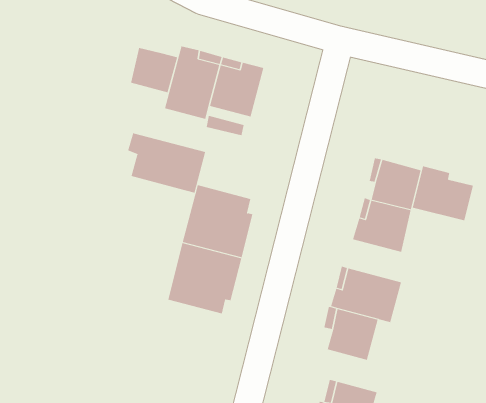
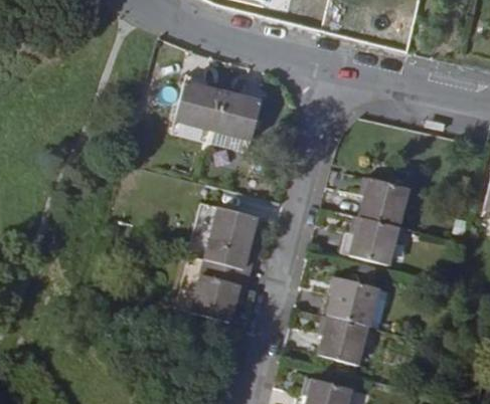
building: [130,47,178,93] -> none
building: [127,132,206,194] -> none
building: [412,165,473,221] -> none

